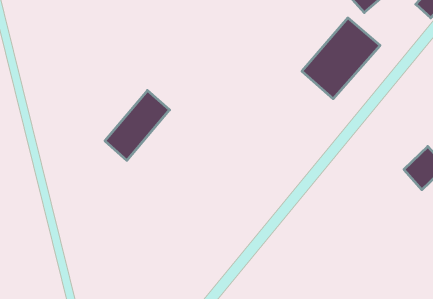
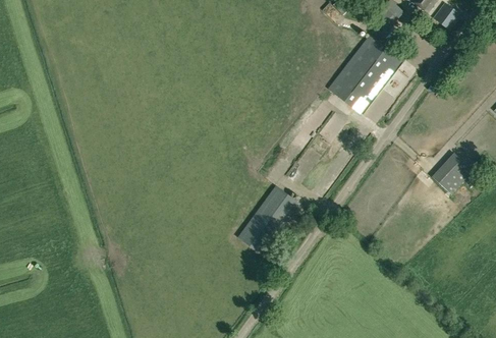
building: [105,90,170,160] -> [238,184,298,252]

